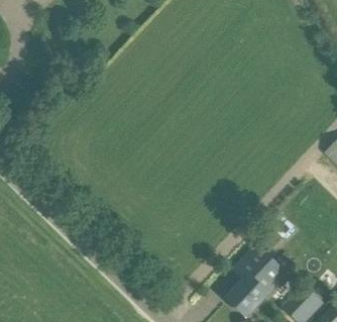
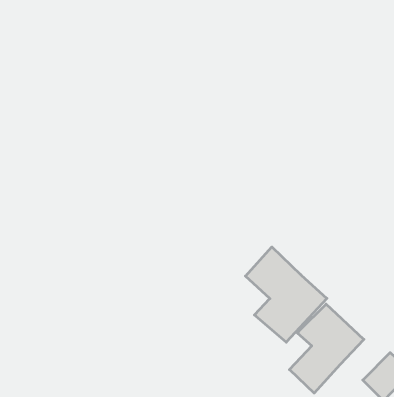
building: none -> [245,247,327,342]

